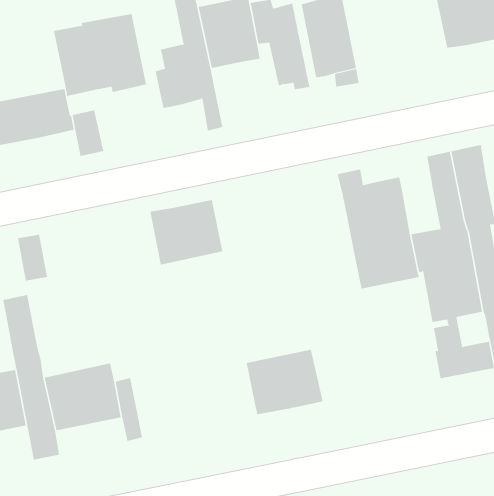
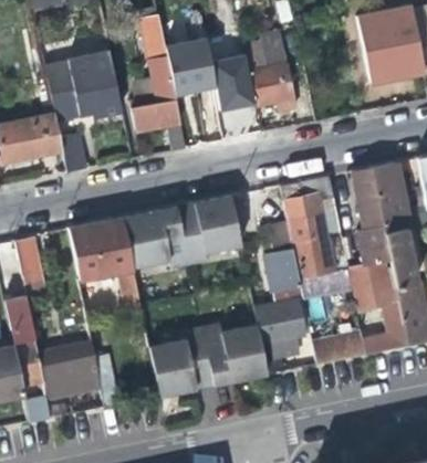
building: none -> [177,196,241,250]
building: none -> [71,217,134,322]
building: none -> [258,220,304,356]
building: none -> [312,332,365,364]
building: none -> [152,341,214,396]

